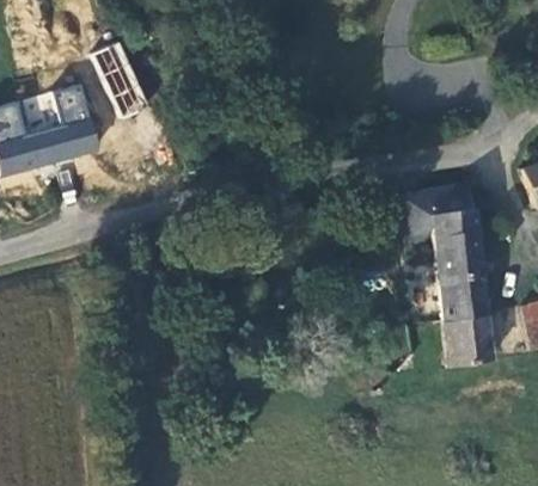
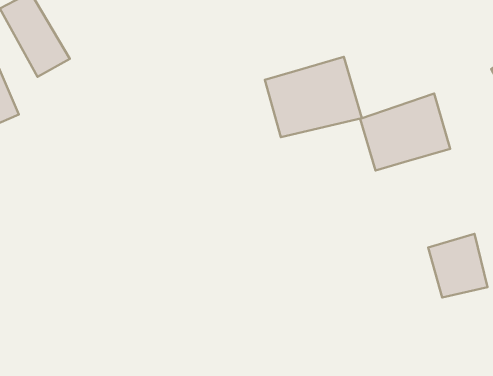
building: none -> [265,57,362,137]
building: [433,233,487,318] -> none

